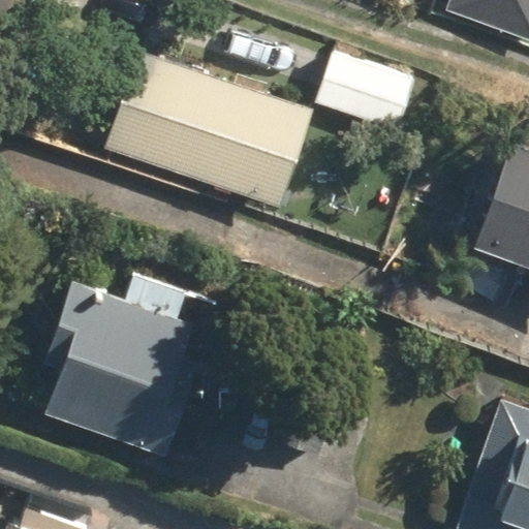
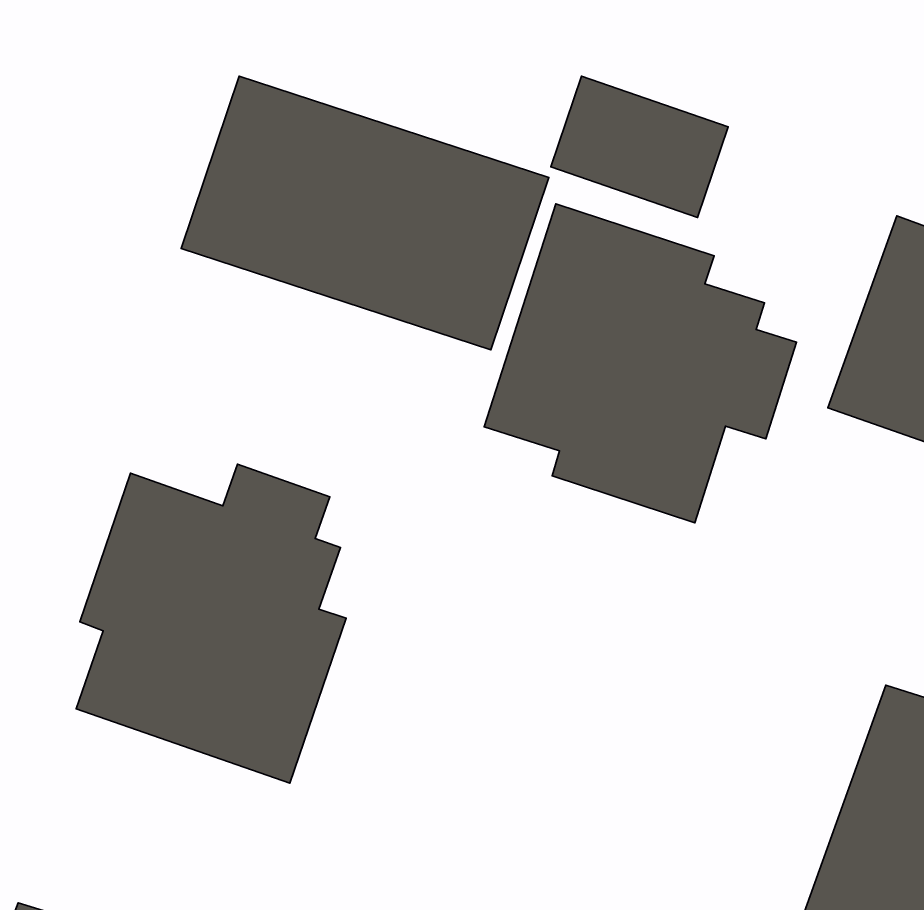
building: none -> [484,204,796,523]

